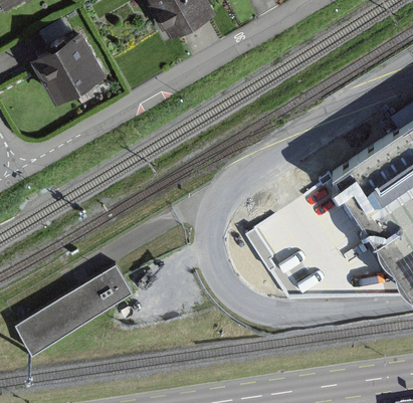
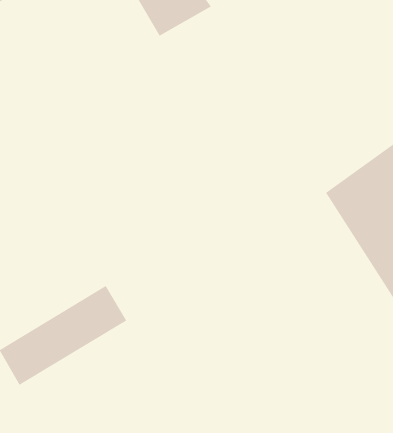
building: [39,35,104,95] -> none

